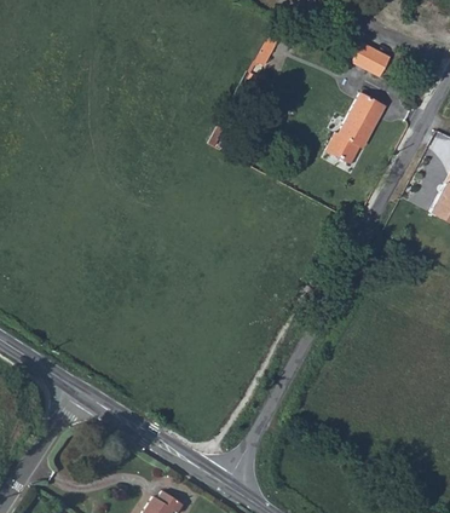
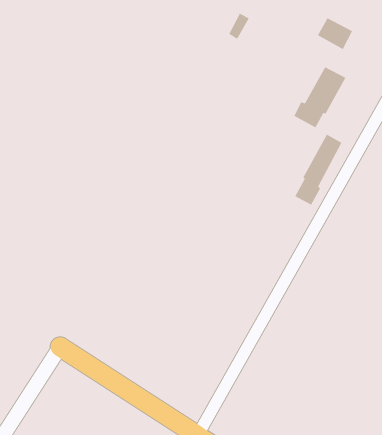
building: none -> [294,133,342,206]

